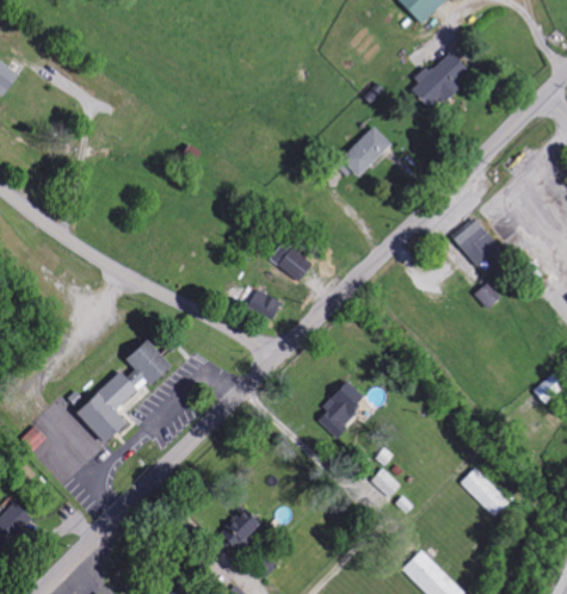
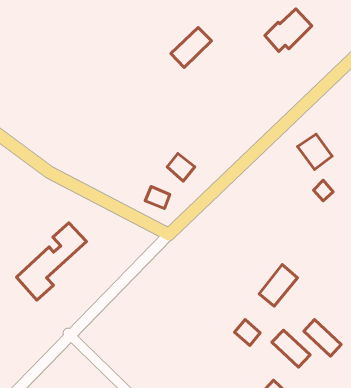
building: [337,125,392,179] -> [171,28,212,68]
building: [315,379,366,435] -> [259,265,297,306]
building: none -> [272,330,310,367]
building: [218,508,261,550] -> none

